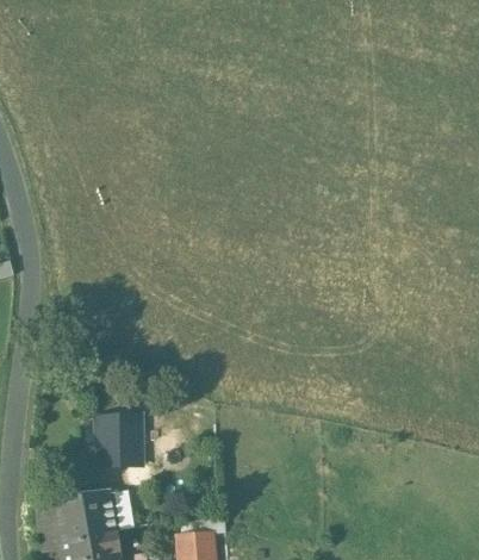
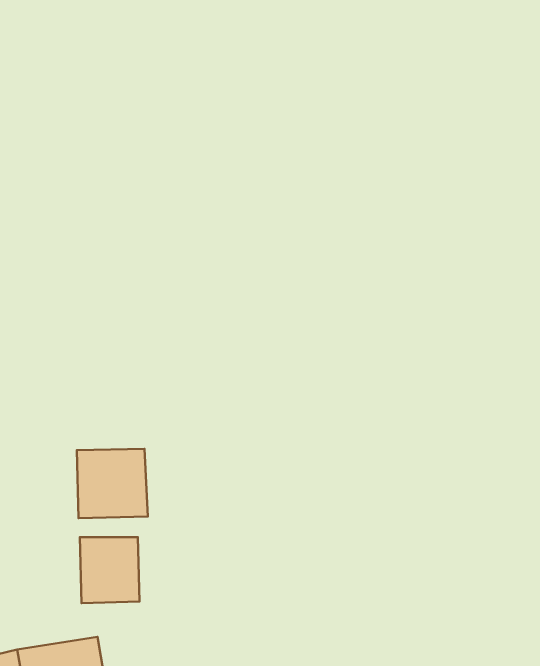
building: none -> [77,449,148,518]

